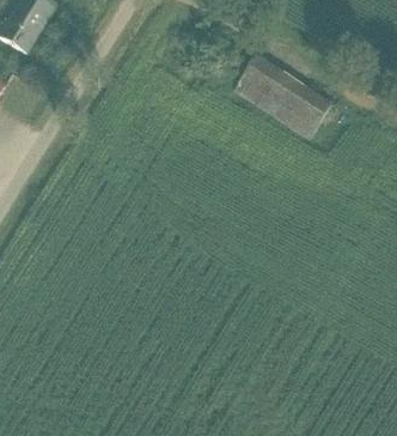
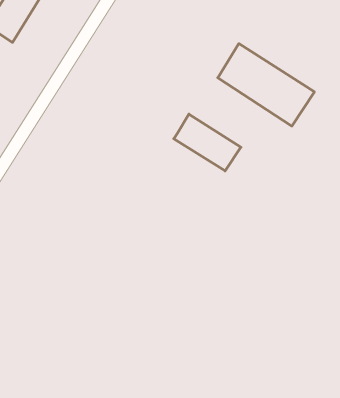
building: none -> [174,114,241,171]

